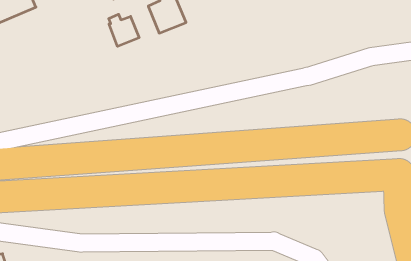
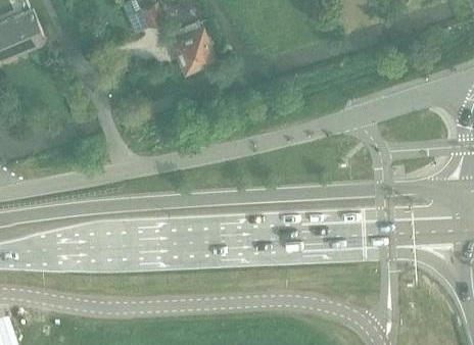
building: [109,14,139,46] -> none

